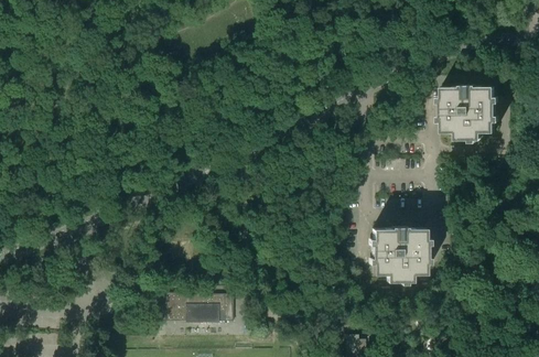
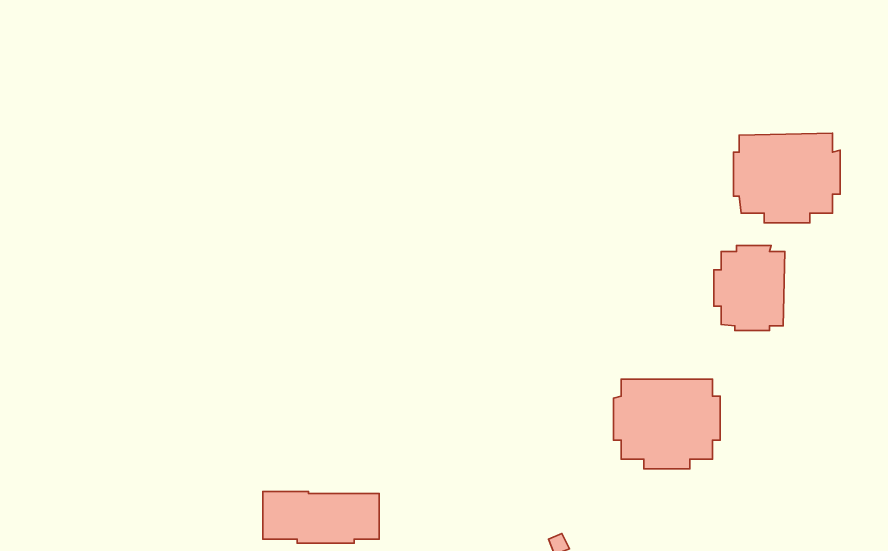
building: none -> [714,245,785,331]

